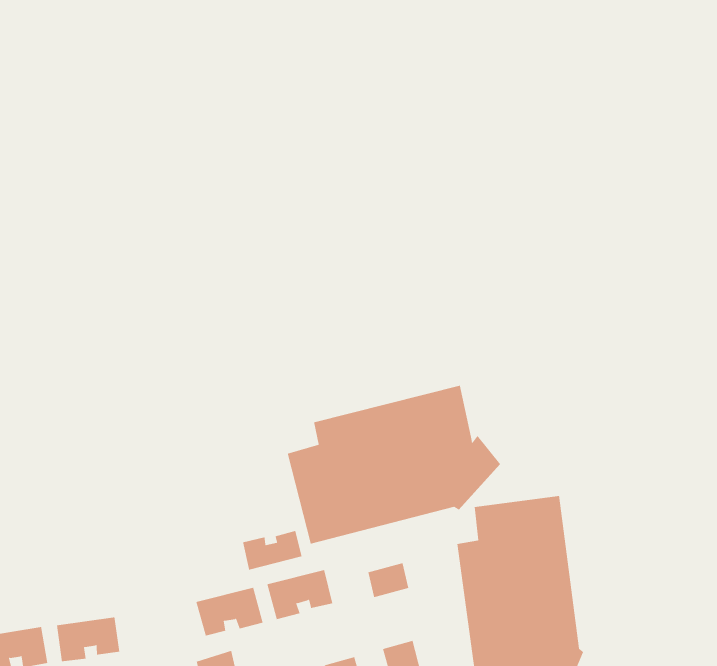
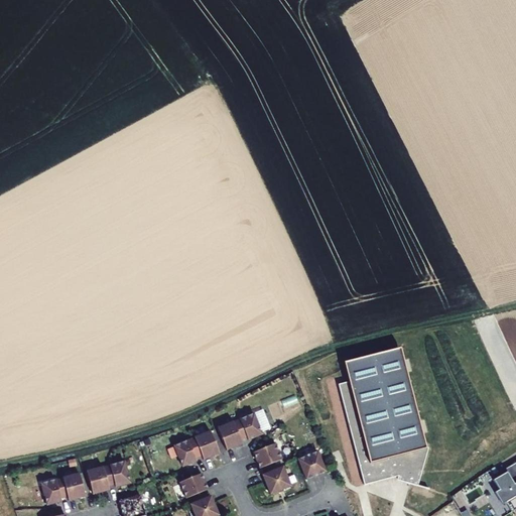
building: [287,385,501,544] -> none
building: [242,530,302,570] -> none
building: [367,562,409,598] -> [253,442,281,468]

